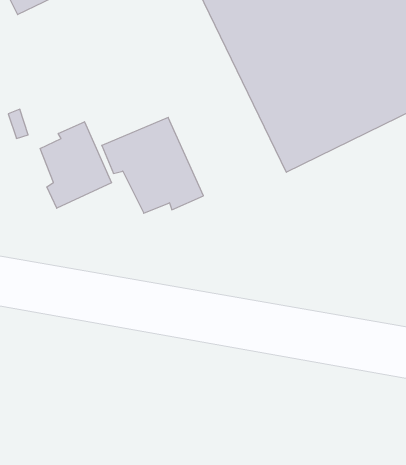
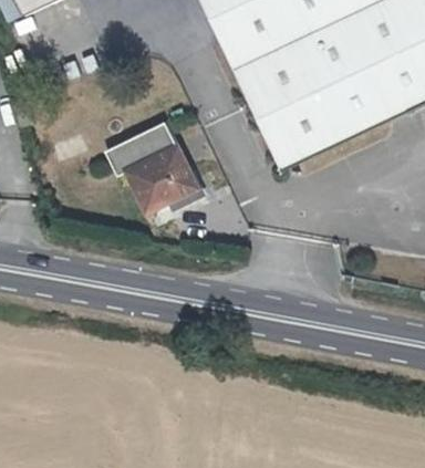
building: [40,122,111,208] -> none

